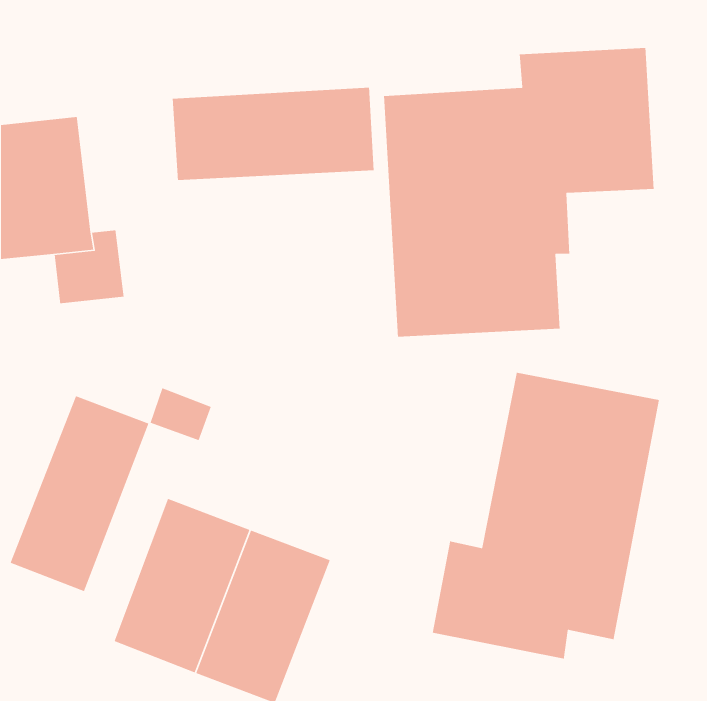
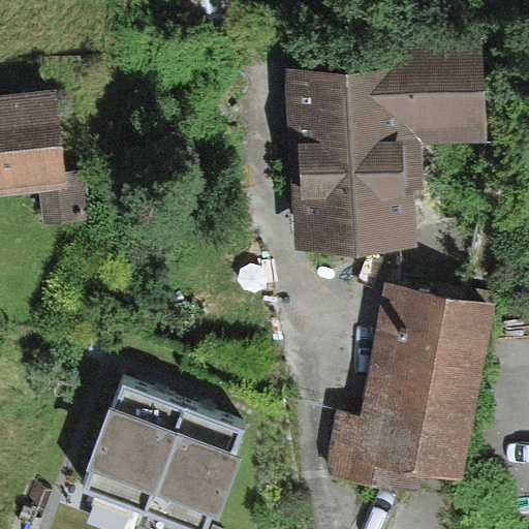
building: [172,87,374,181] -> none
building: [9,395,149,592] -> none

